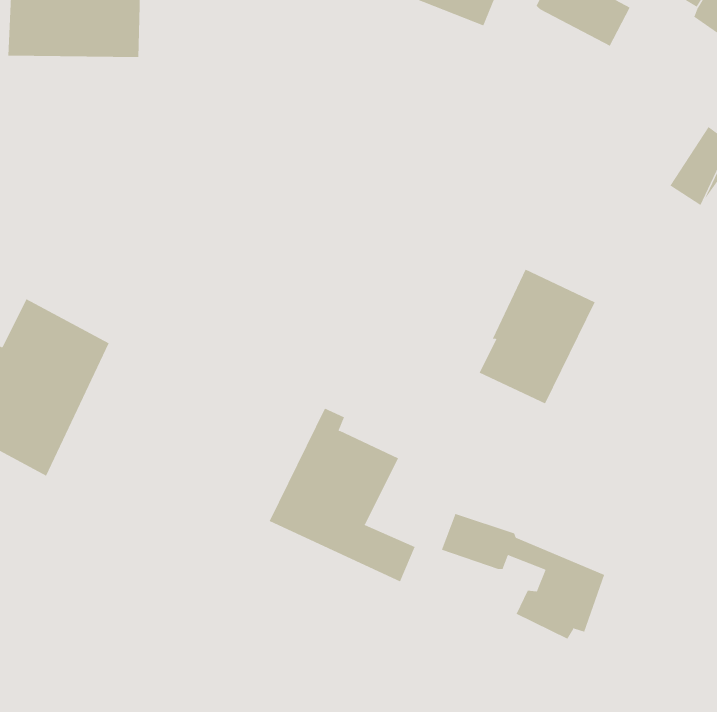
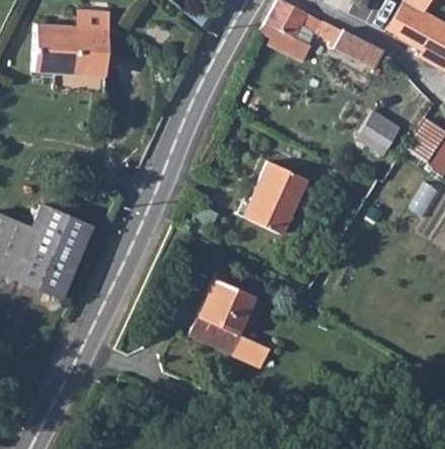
building: none -> [355,109,399,154]
building: [479,269,596,404] -> [242,157,306,231]
building: [441,513,605,640] -> none

